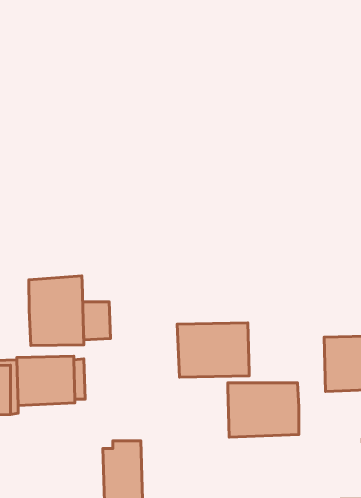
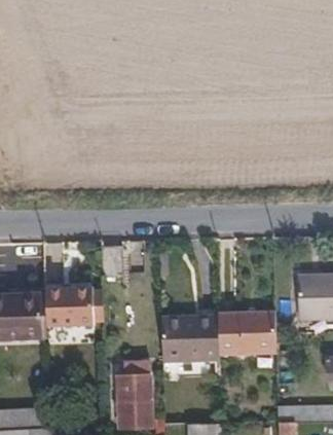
building: [29,276,84,345] -> none
building: [177,323,249,377] -> [160,316,219,360]

